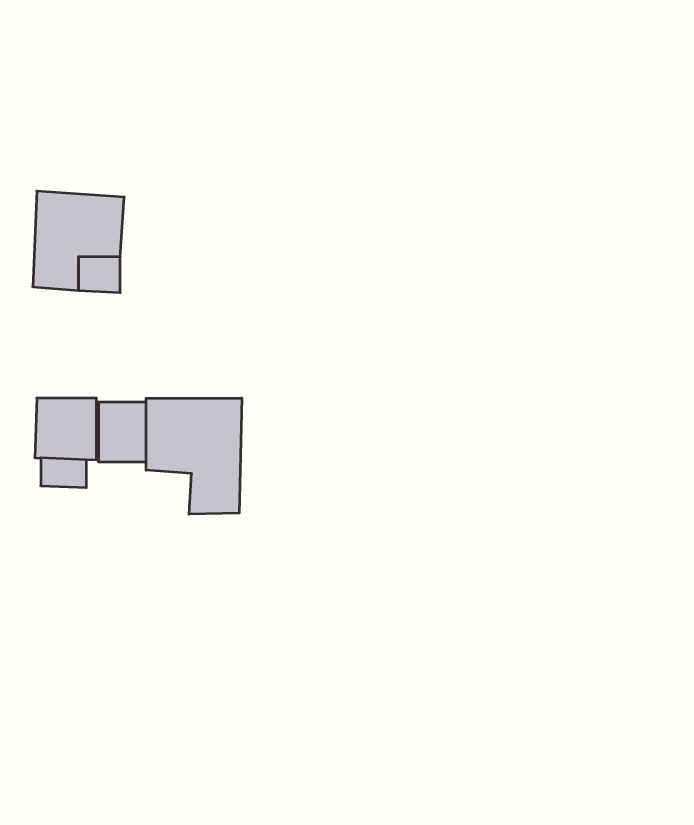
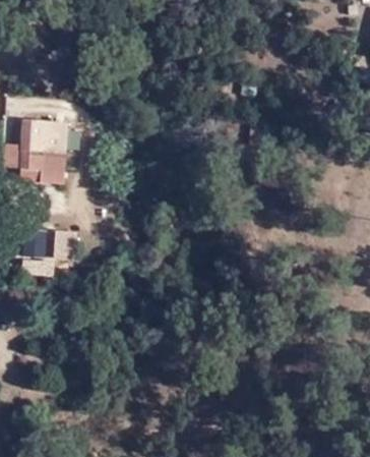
building: [146,398,242,514] -> none

